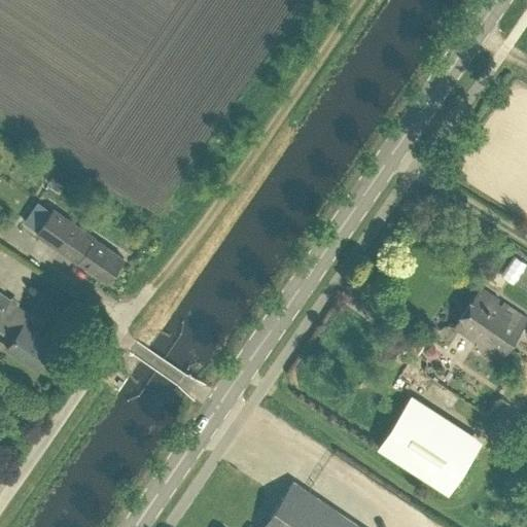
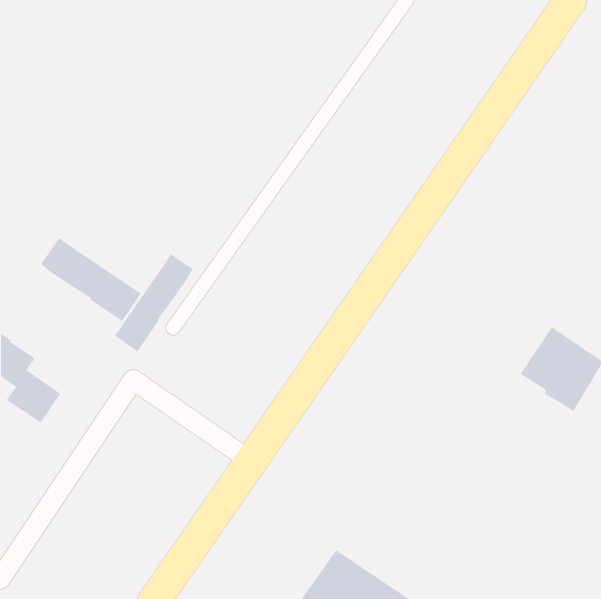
building: none -> [114,254,193,352]
building: [379,399,481,495] -> none

